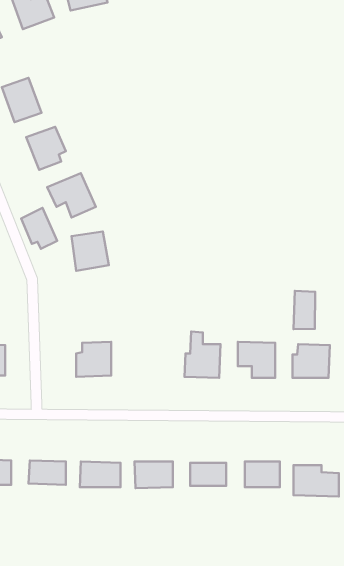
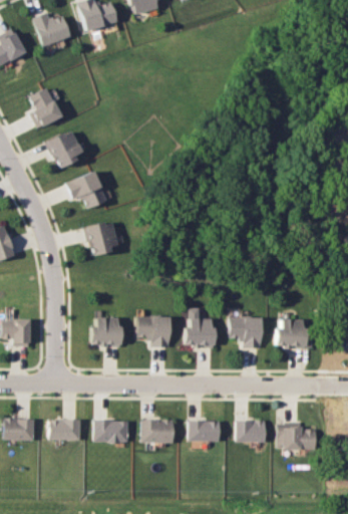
building: [21,208,57,249] -> none
building: [293,291,315,329] -> none
building: none -> [136,316,169,346]

